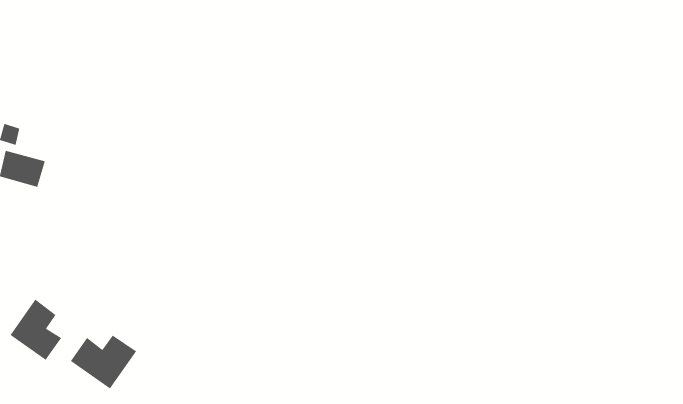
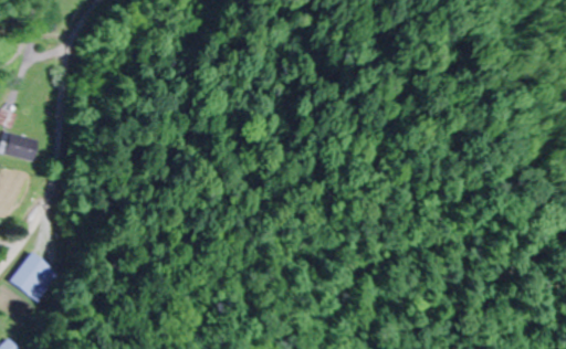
building: [70,335,137,390] -> none

